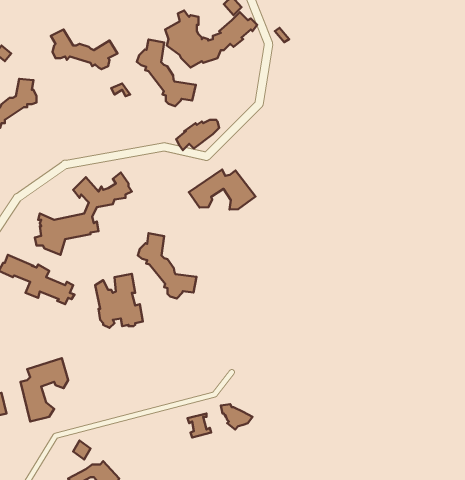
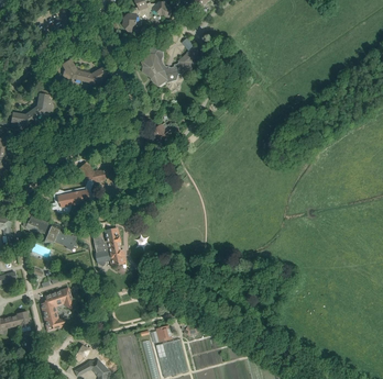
building: [137,39,196,106] -> none
building: [189,170,256,209] -> none
building: [138,233,196,298] -> none

